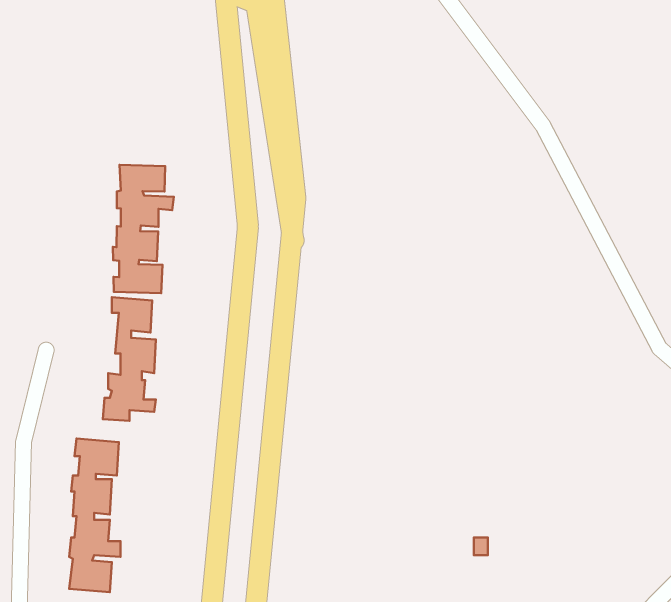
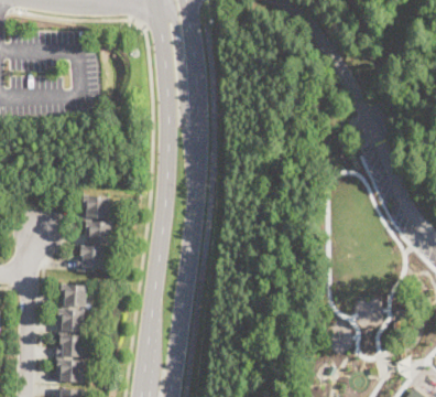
building: [113,165,174,293] -> none

